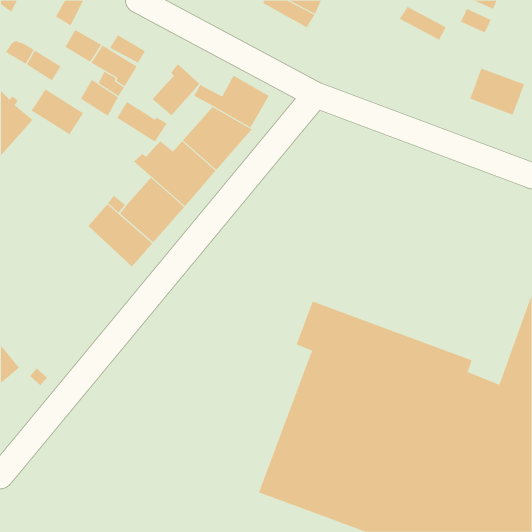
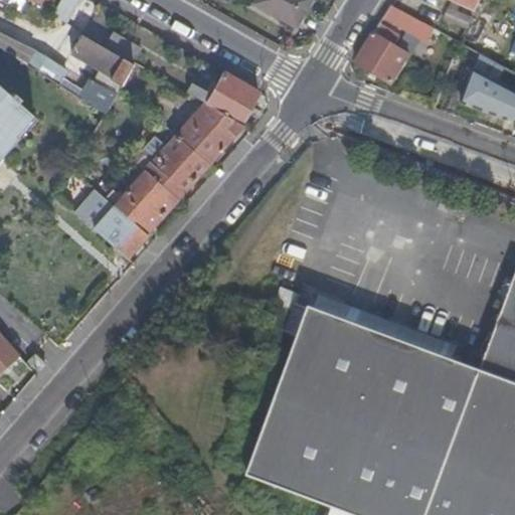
building: none -> [359,24,411,83]
building: [152,64,200,116] -> none
building: [31,89,84,135] -> none
building: [116,101,168,142] -> none

